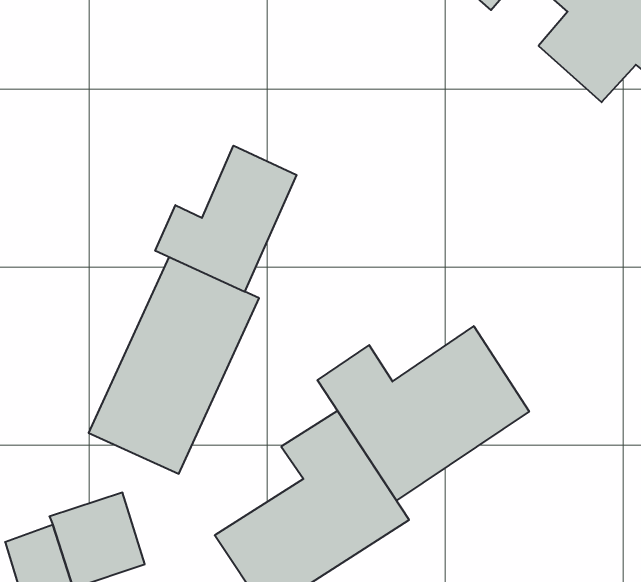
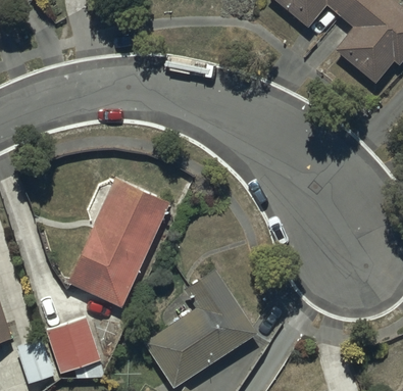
building: [155,146,297,292] -> none
building: [317,326,529,501] -> none

